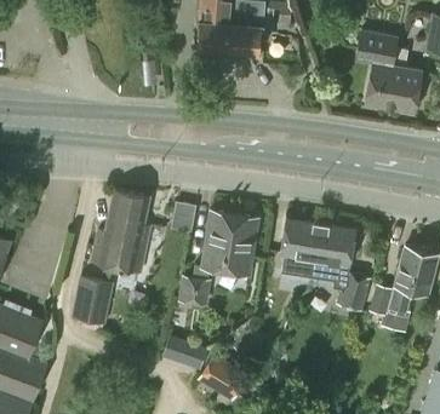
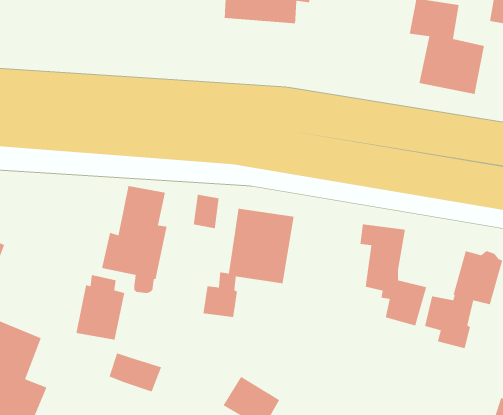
building: [281,219,324,278] -> none
building: [162,335,208,370] -> [108,351,162,392]

